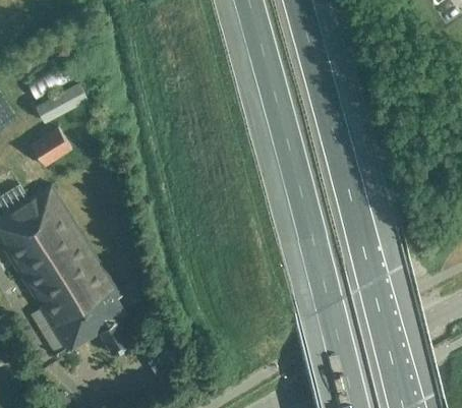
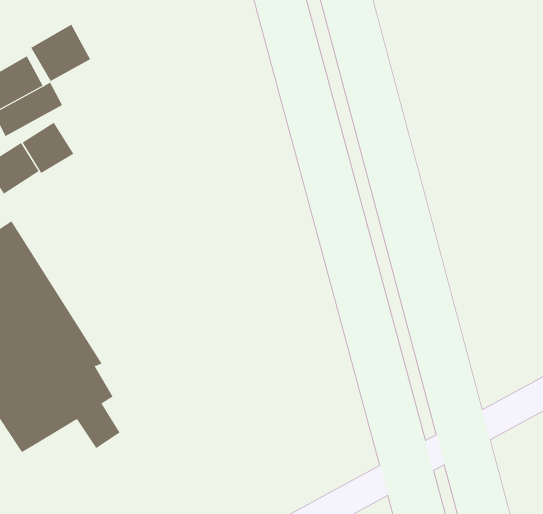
building: none -> [30,24,91,82]
building: none -> [22,122,74,174]

